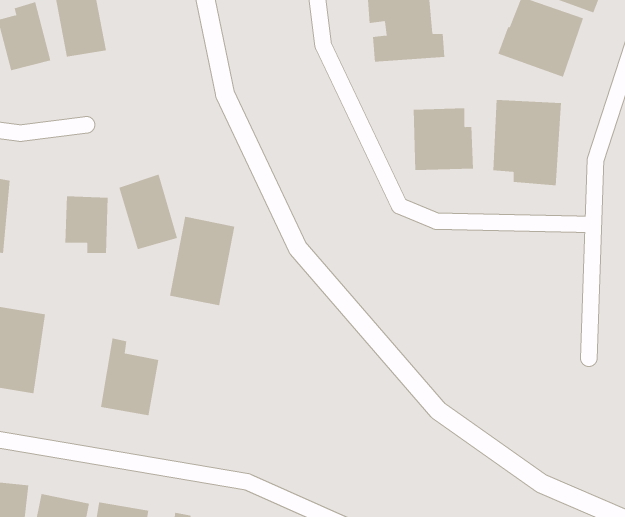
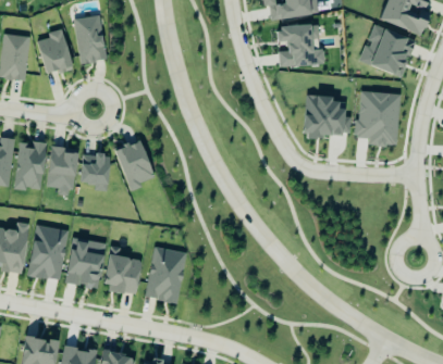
building: none -> [47,146,77,196]
building: [169,216,235,306] -> [145,246,187,303]
building: none -> [65,237,104,287]

